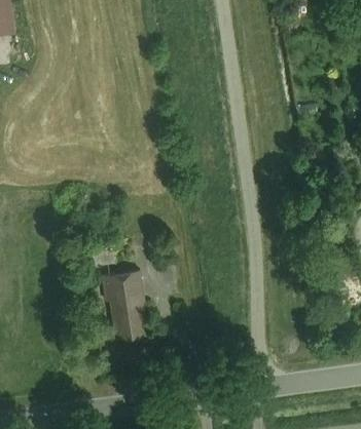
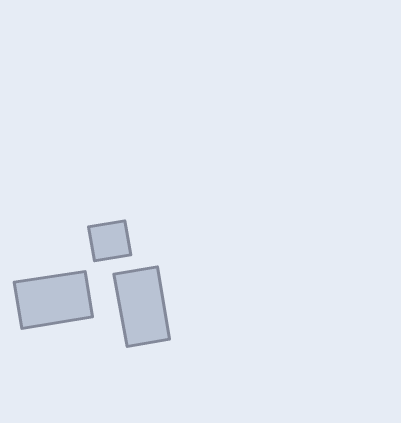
building: none -> [14,272,92,328]

